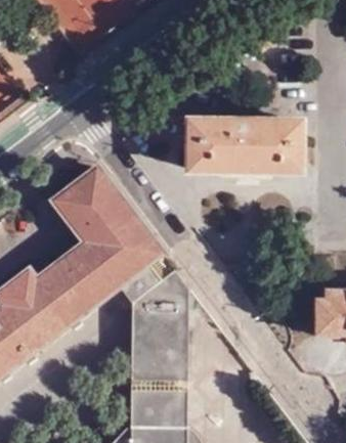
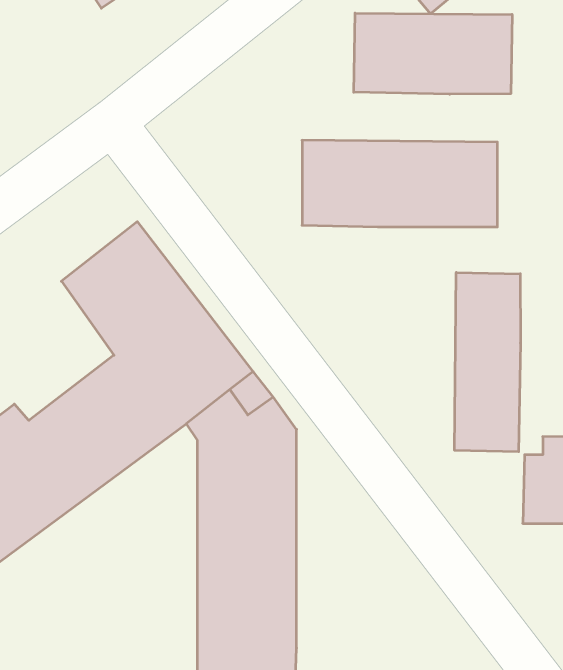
building: none -> [354,13,512,94]
building: none -> [455,272,520,452]

